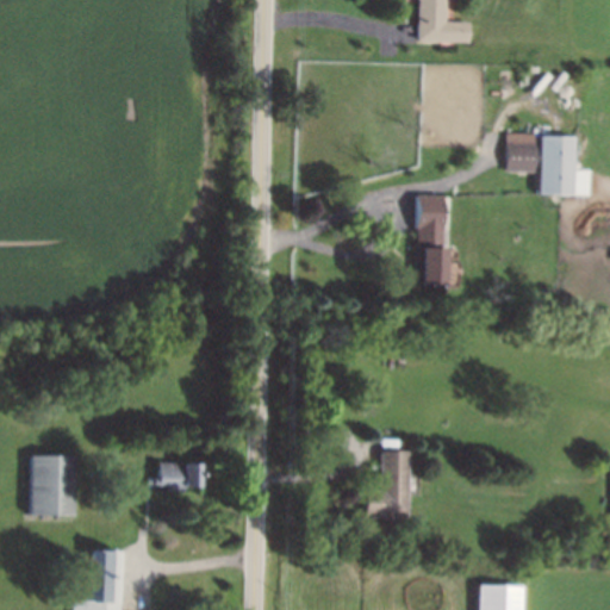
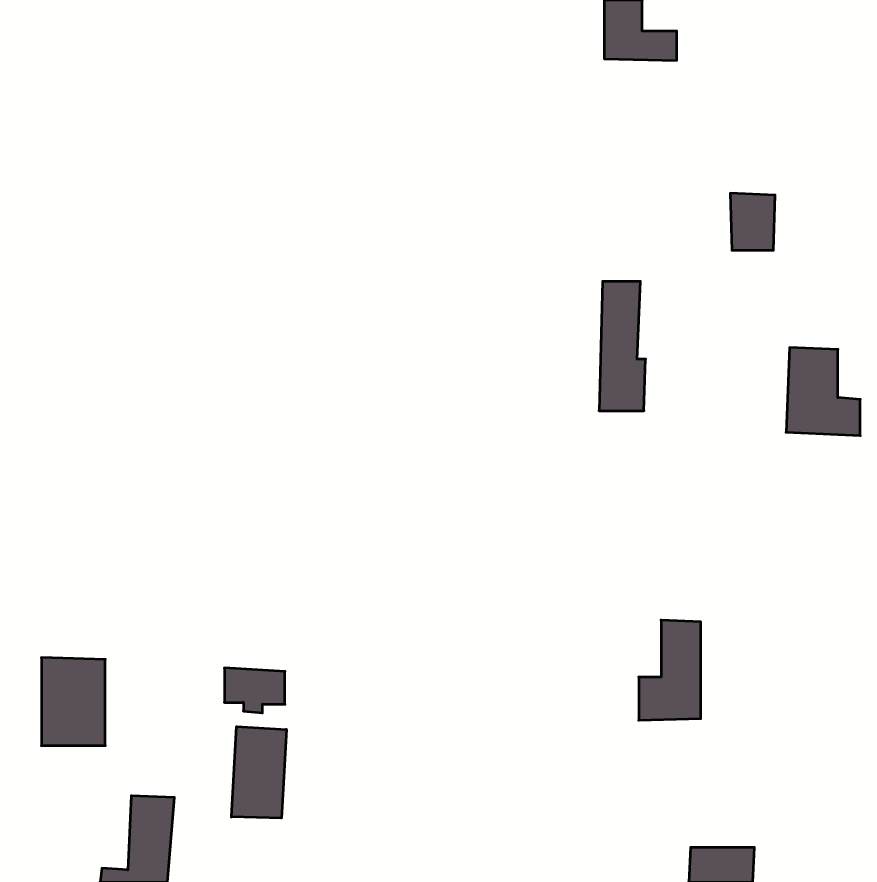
building: [540,136,591,197] -> [786,348,860,436]
building: [367,449,410,518] -> [639,620,701,720]
building: none -> [231,727,286,818]

